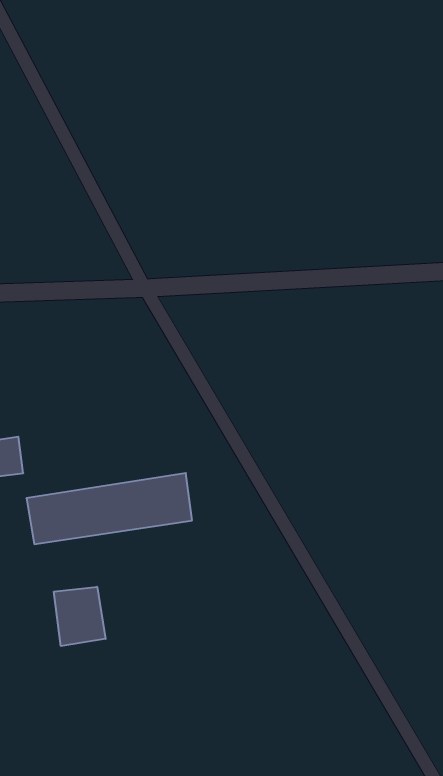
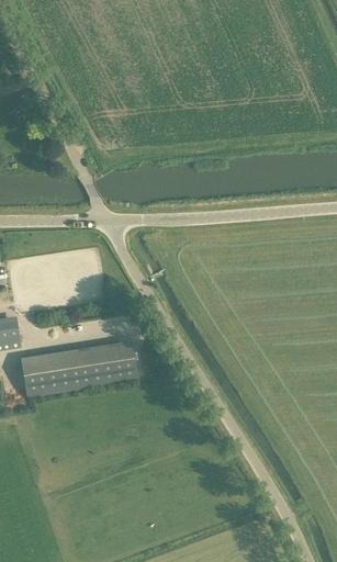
building: [54,587,106,646] -> none

